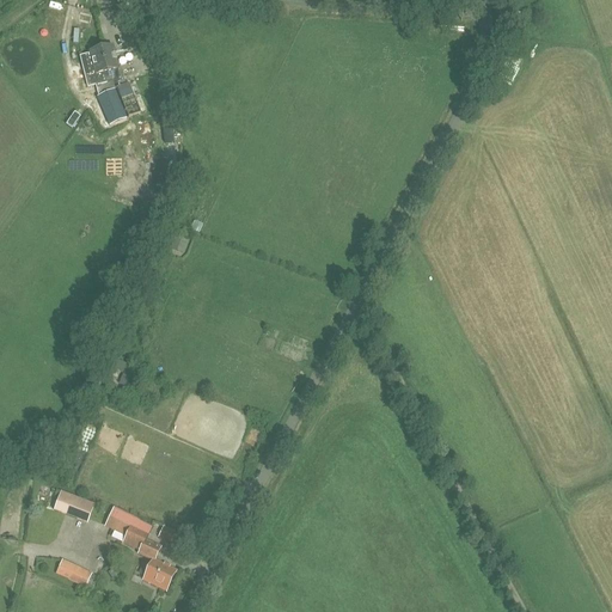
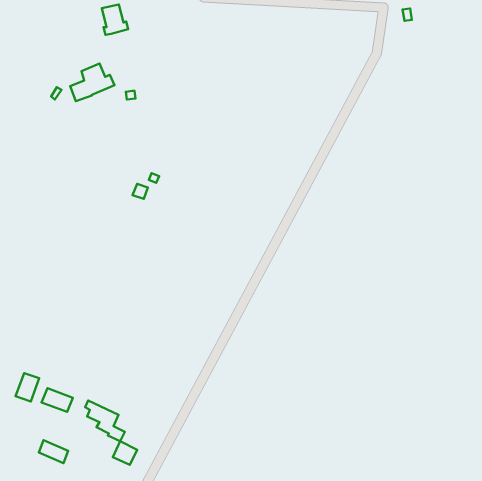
building: [88,43,122,81] -> [102,4,128,35]
building: none -> [16,373,39,401]

